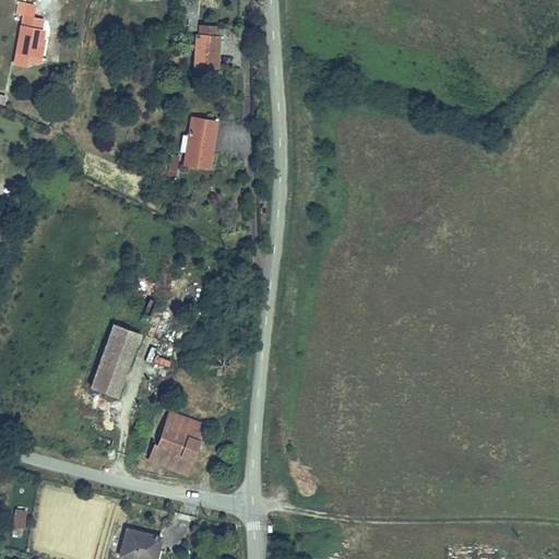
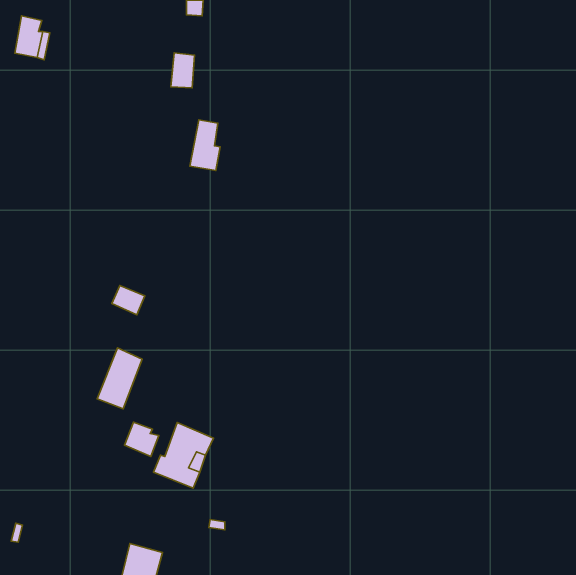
building: [194,34,217,68] -> [171,53,194,88]
building: [114,321,145,349] -> [112,286,145,315]
building: none -> [124,422,159,457]

